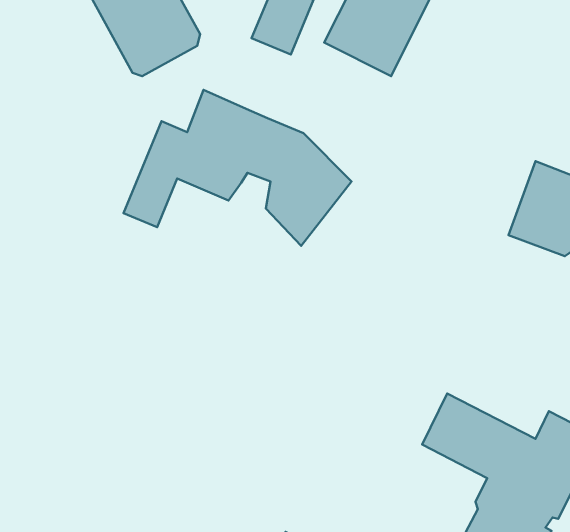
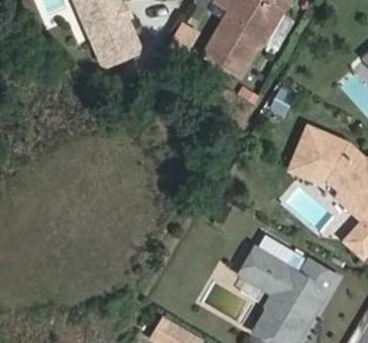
building: [123,90,351,246] -> none

